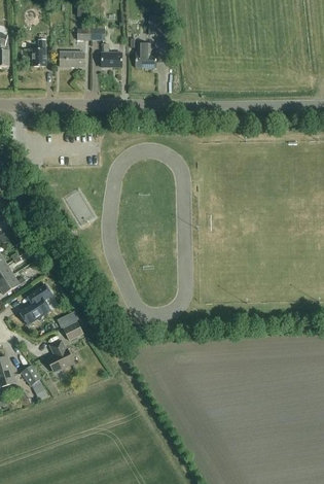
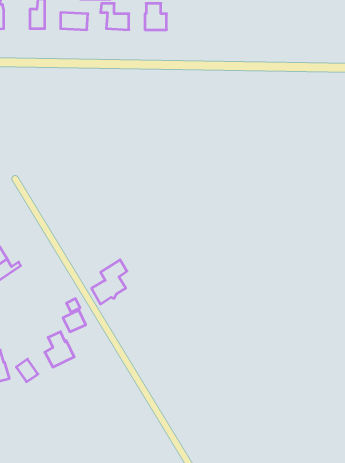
building: [17,284,49,324] -> [92,260,127,304]

